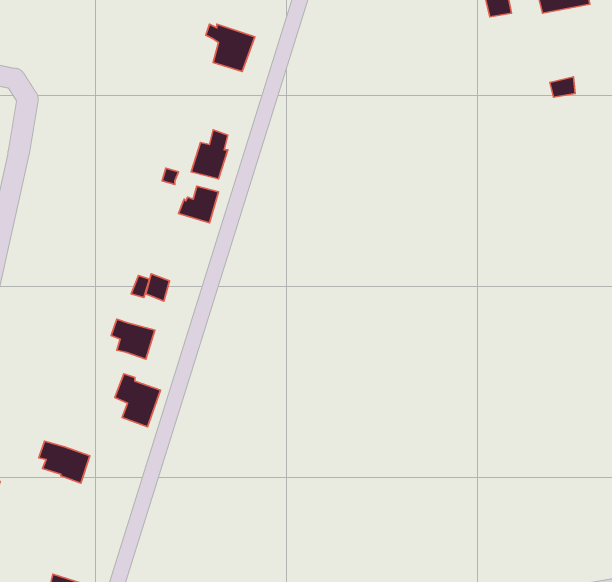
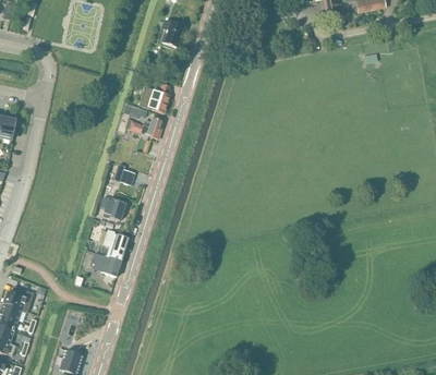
building: [39,441,90,483] -> [90,251,121,276]

